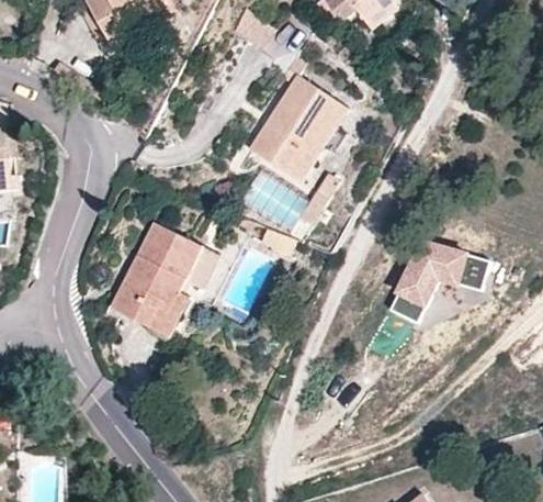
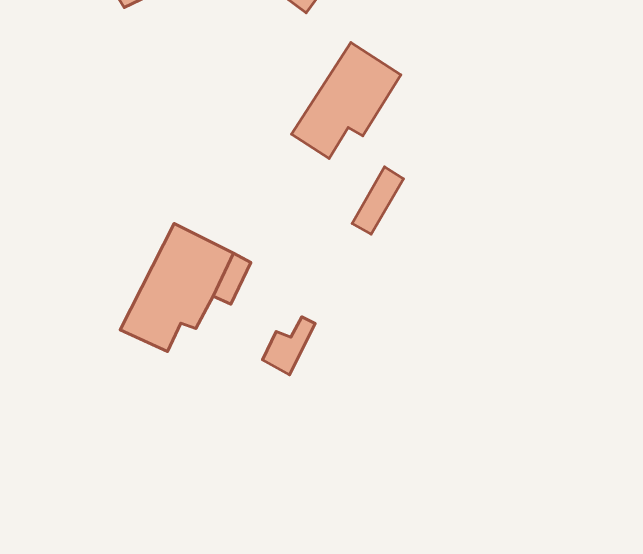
building: [279,101,348,183] -> none
building: [383,241,484,323] -> none
building: [147,291,190,338] -> [263,317,315,375]

